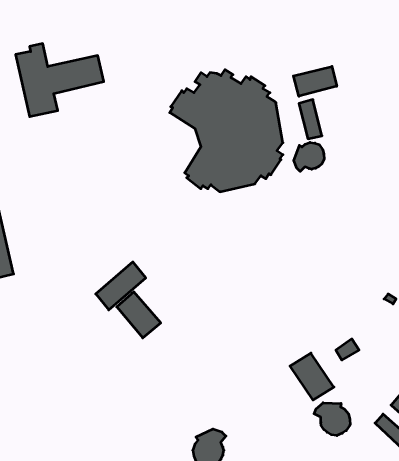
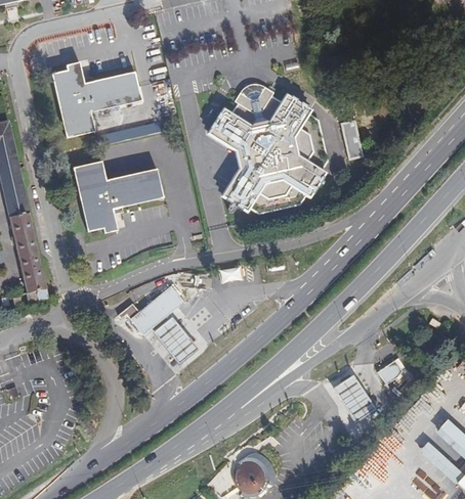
building: [293,66,337,96] -> none
building: none -> [73,161,163,231]
building: [294,142,324,171] -> none
building: [314,403,350,436] -> none

